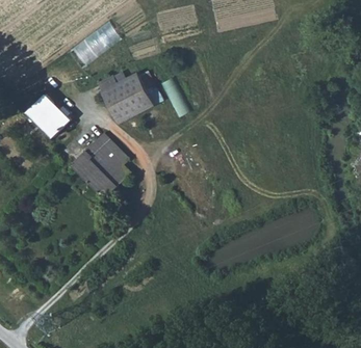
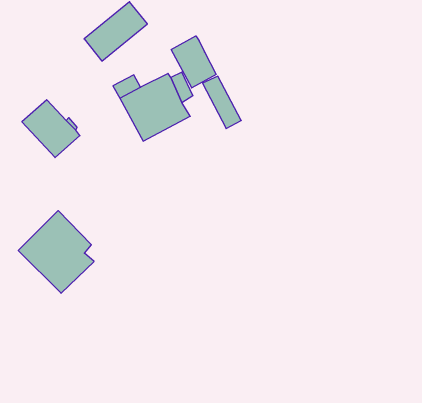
building: none -> [171,36,216,88]
building: [76,133,133,195] -> [18,211,94,293]

